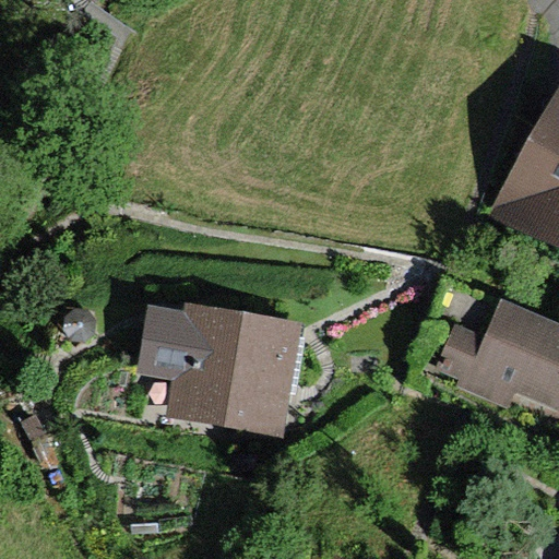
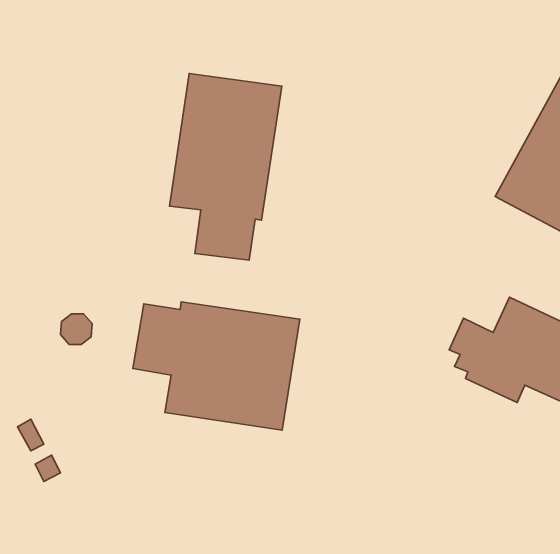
building: none -> [169,73,282,260]

